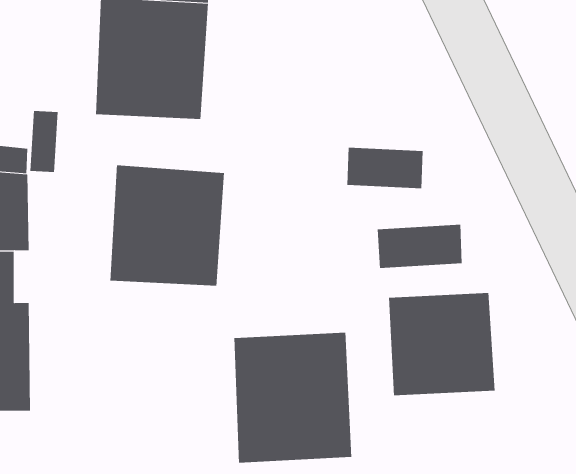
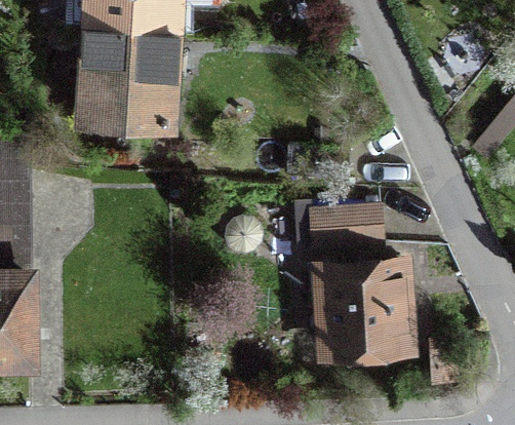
building: [110,164,224,286] -> none
building: [234,332,352,463] -> none

